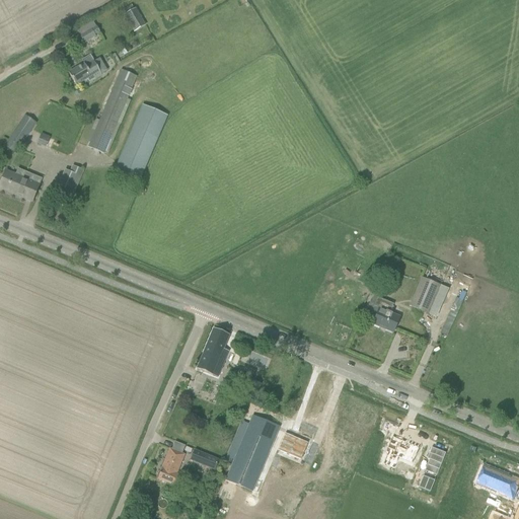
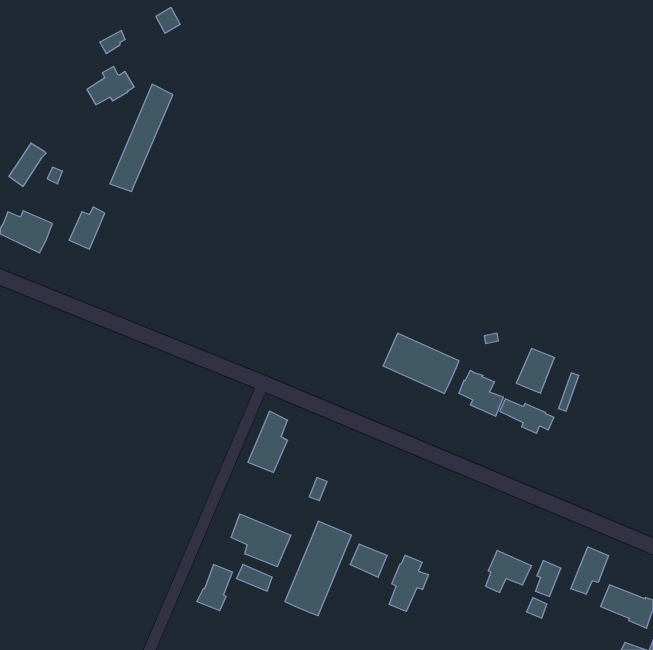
building: [113,103,167,183] -> none
building: none -> [383,333,459,394]
building: none -> [500,399,554,433]
building: none -> [231,514,291,567]
building: none -> [571,547,609,594]
building: none -> [389,555,429,611]

